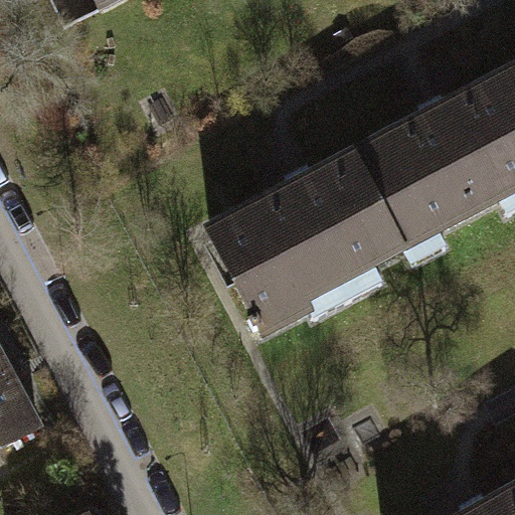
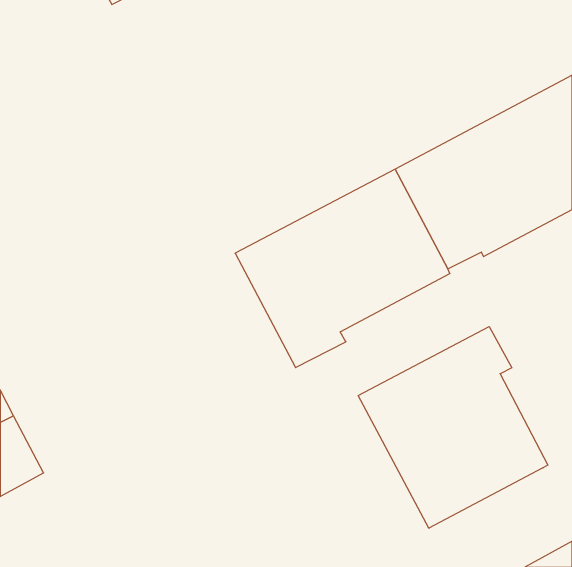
building: none -> [358,327,548,528]

